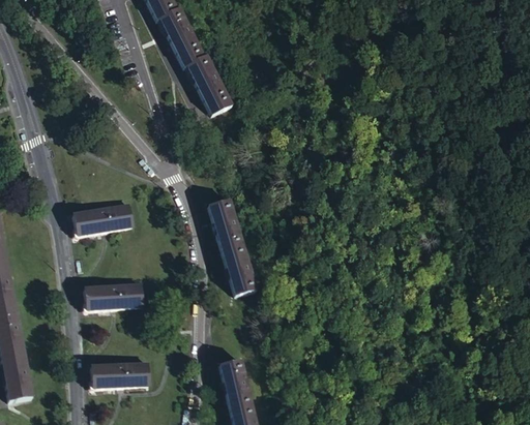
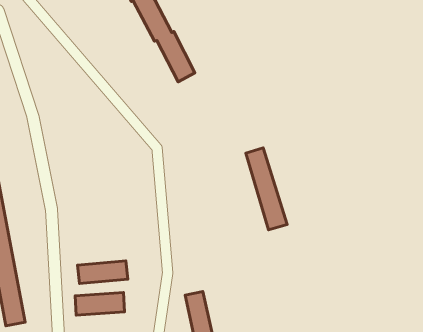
building: [208,199,257,295] -> [246,148,287,230]
building: [73,203,132,234] -> none
building: [84,282,143,309] -> [78,261,128,284]

